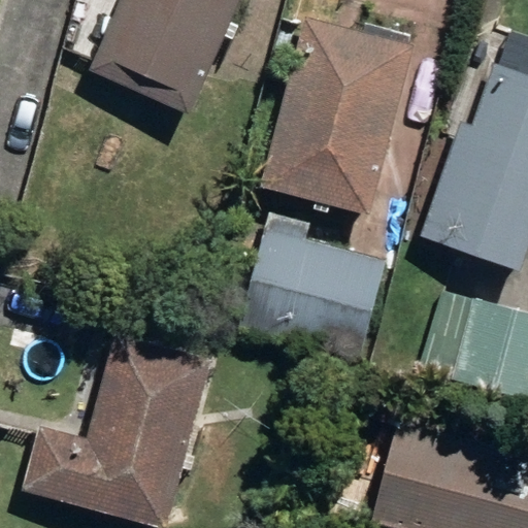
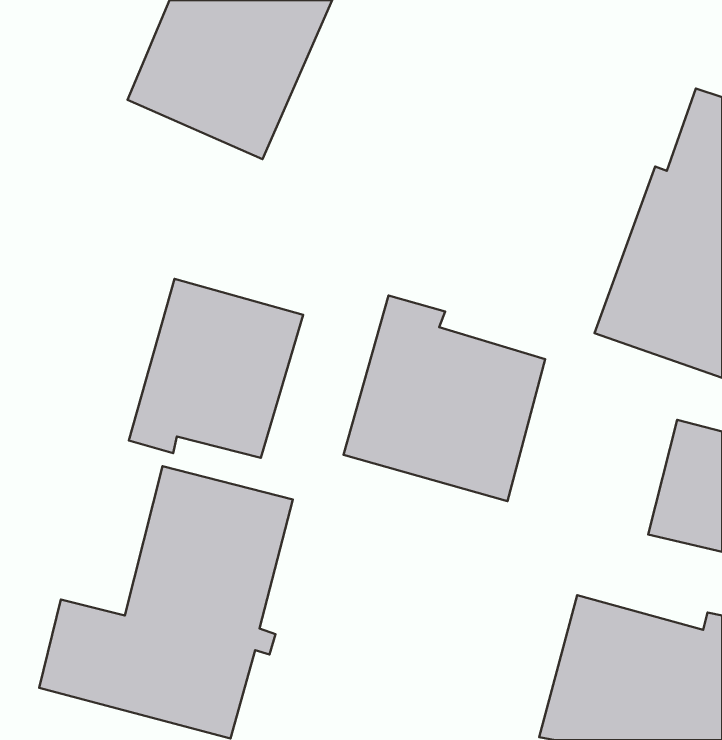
building: [263,16,411,211] -> none
building: none -> [129,279,303,458]

